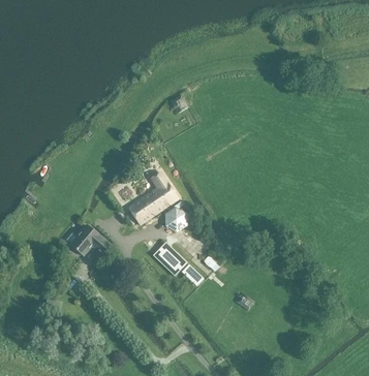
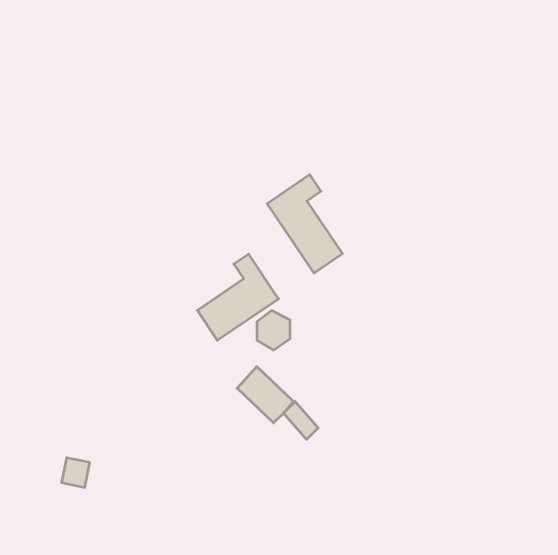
building: none -> [267,175,342,273]
building: [69,225,109,255] -> none

